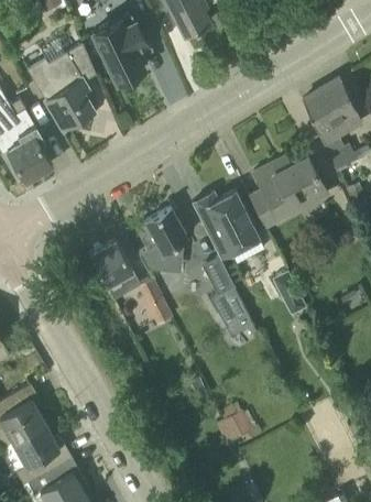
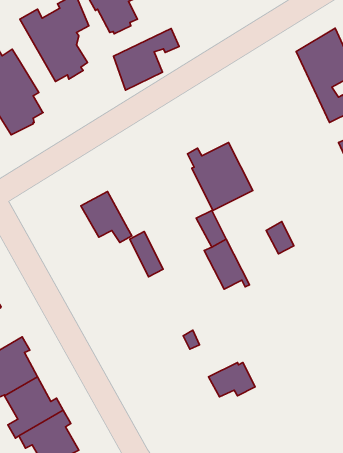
building: none -> [113,28,179,90]
building: [250,155,328,228] -> none
building: [137,209,187,272] -> none

